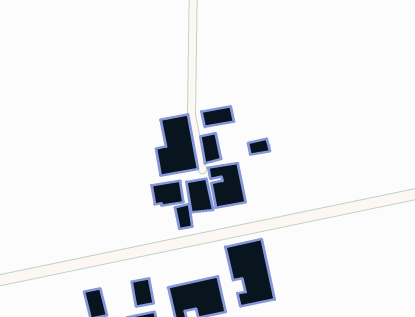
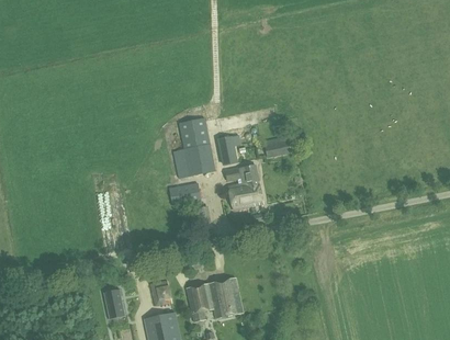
building: [201,106,234,127] -> none
building: [186,179,213,213] -> none
building: [225,239,275,306] -> none

